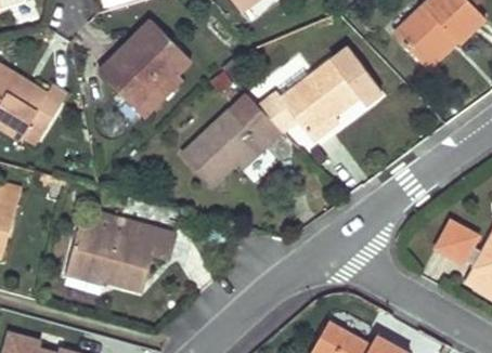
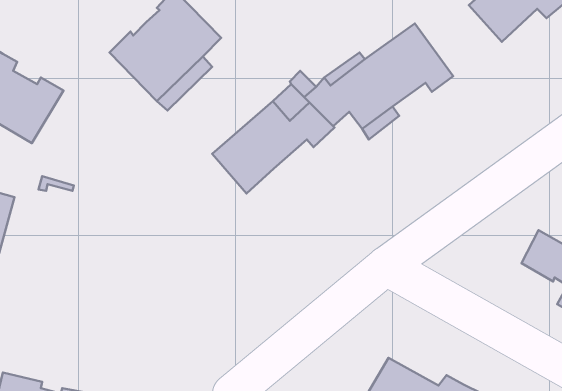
building: [68,215,174,291] -> none

